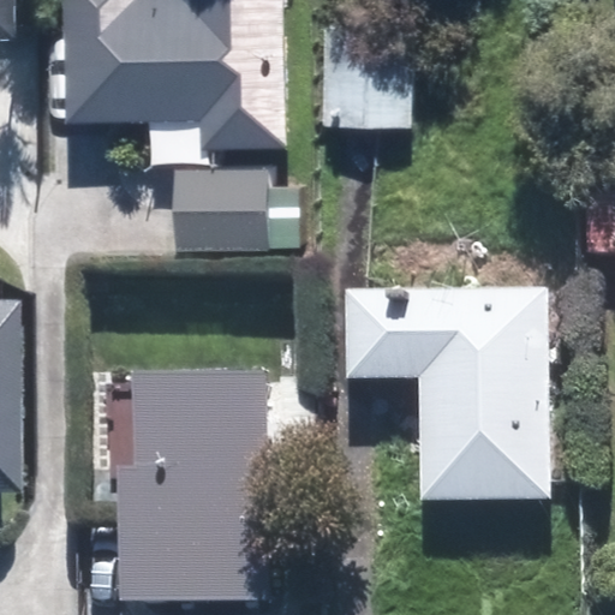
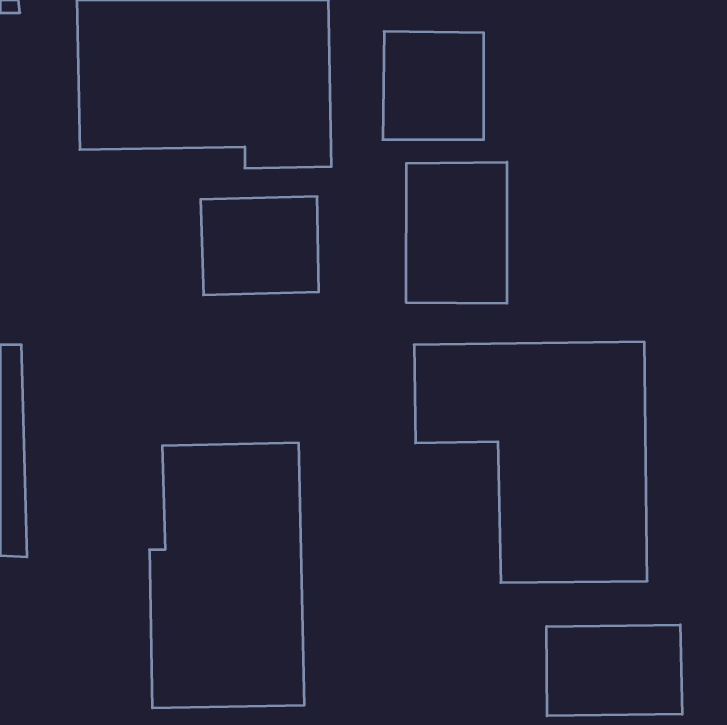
building: none -> [406,162,507,303]
building: none -> [547,625,682,716]

